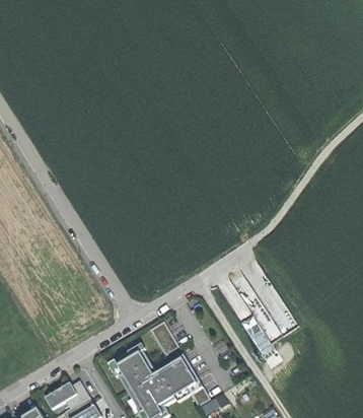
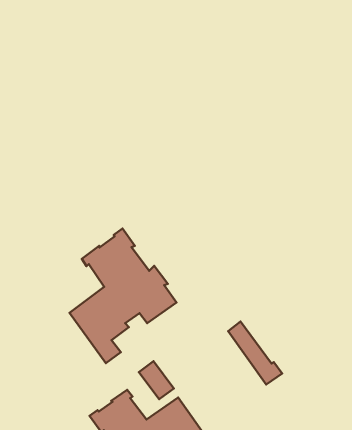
building: none -> [69,228,177,363]

